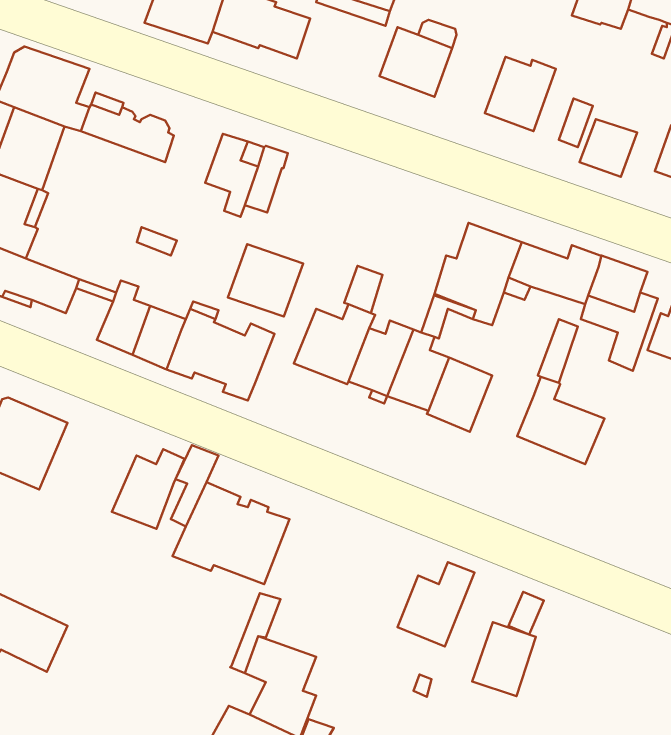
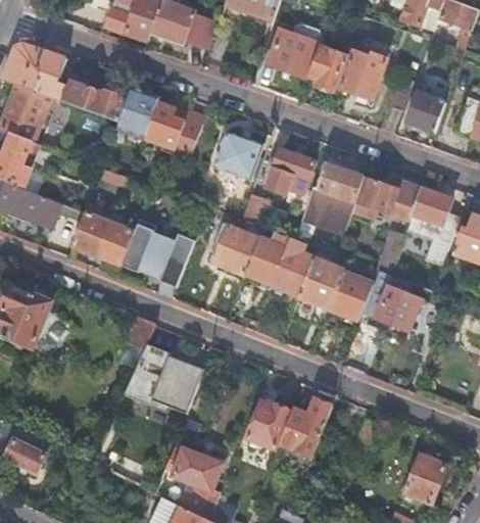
building: none -> [307,44,346,92]
building: none -> [118,86,158,138]
building: none -> [265,147,316,195]
building: [228,244,303,317] -> [211,130,263,180]
building: none -> [329,272,373,320]
building: [112,449,184,529] -> none
building: none -> [247,398,290,447]
building: [472,622,536,696] -> [404,453,448,504]

